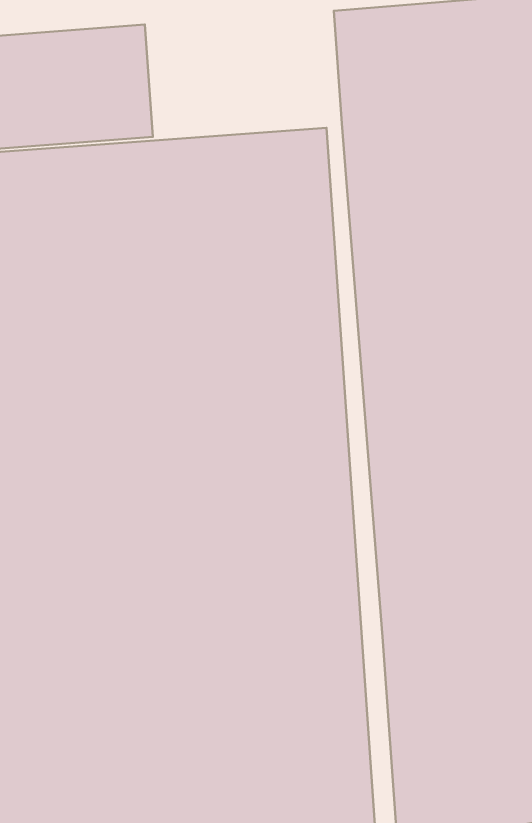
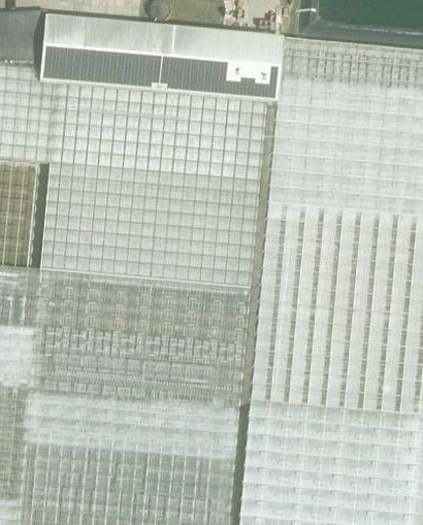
building: none -> [166,28,282,103]

